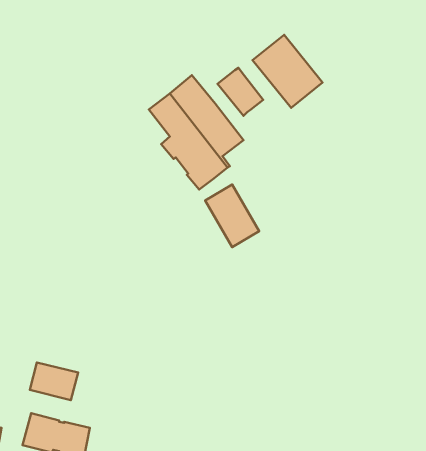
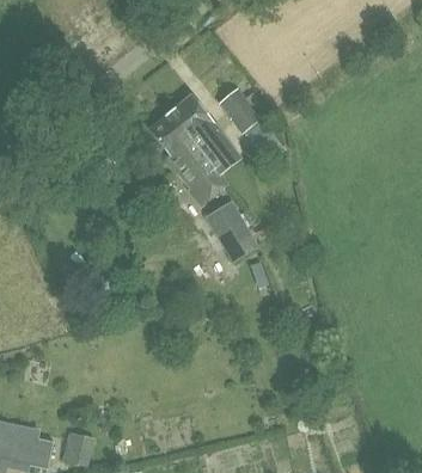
building: [253,35,323,108] -> none
building: [30,362,78,400] -> none

